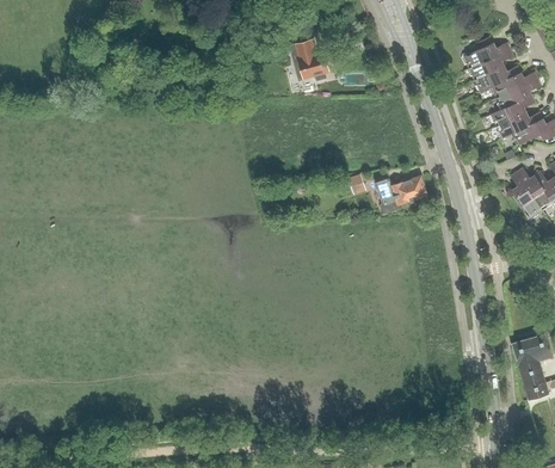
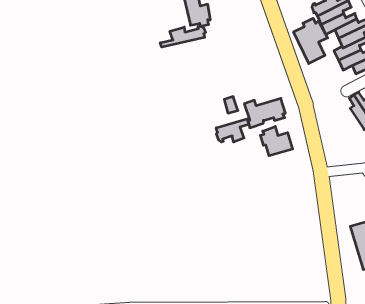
building: none -> [294,18,328,64]
building: none -> [160,26,206,47]
building: none -> [216,119,249,142]
building: none -> [260,126,293,156]

